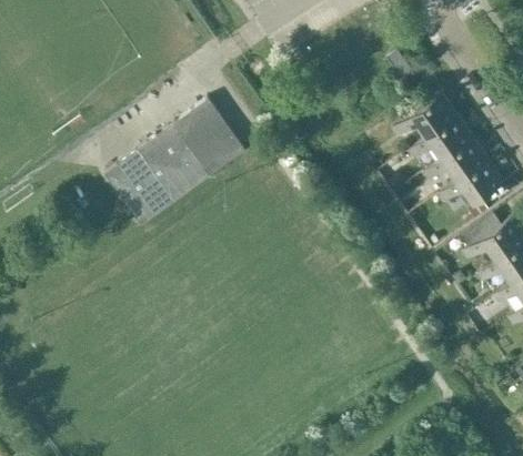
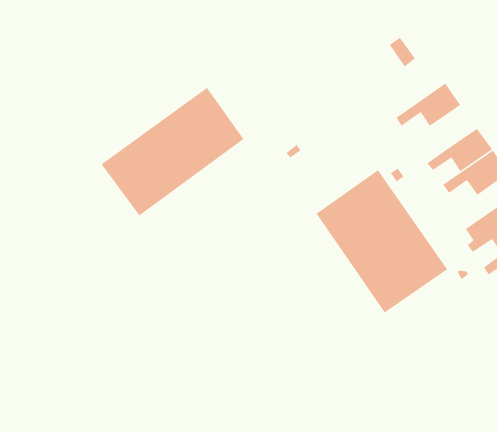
building: [406,116,472,160] -> none
building: none -> [315,169,448,313]

